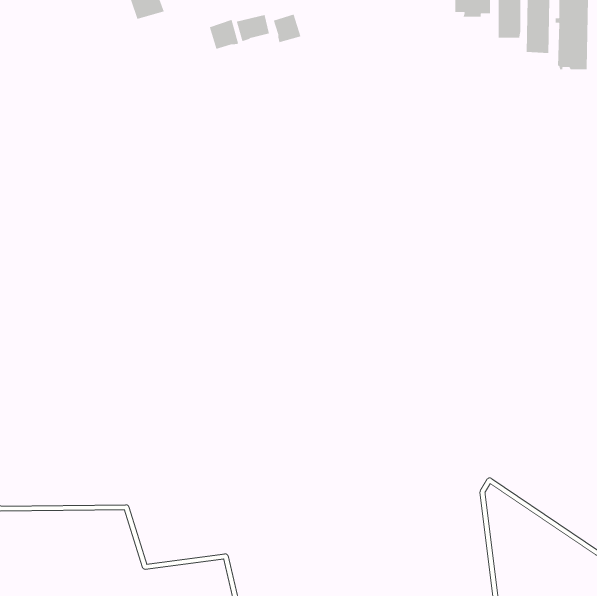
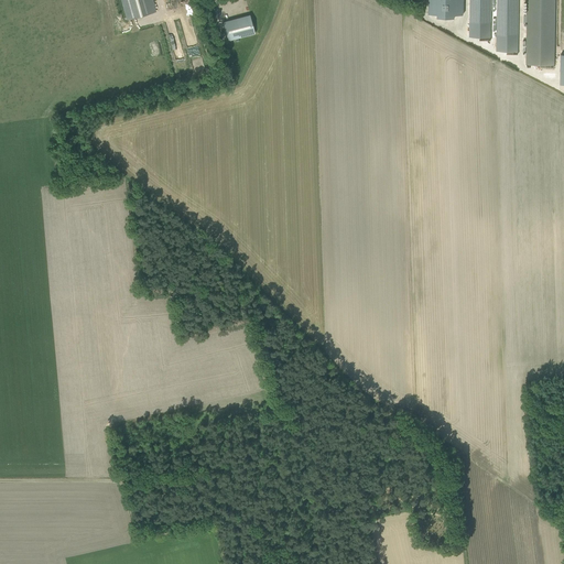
building: [273,13,302,43] -> none
building: [209,19,239,50] -> none

